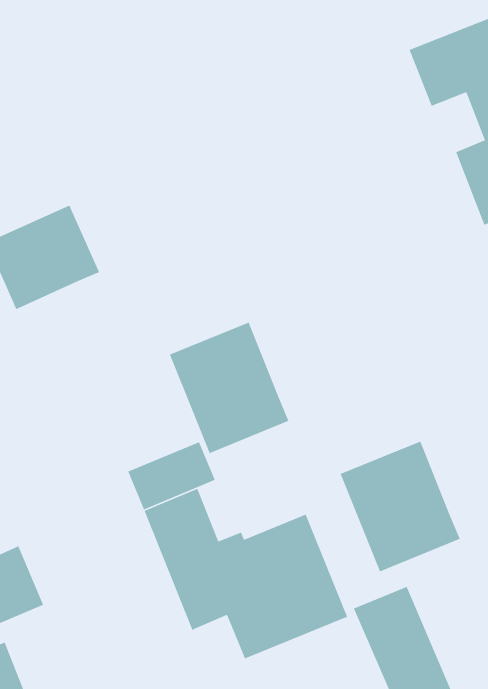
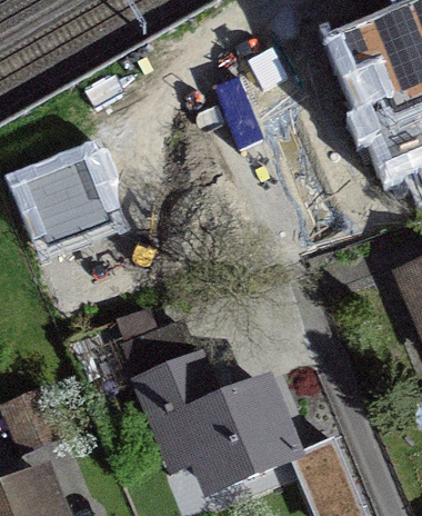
building: [169,321,290,454] -> none
building: [340,440,461,572] -> none

